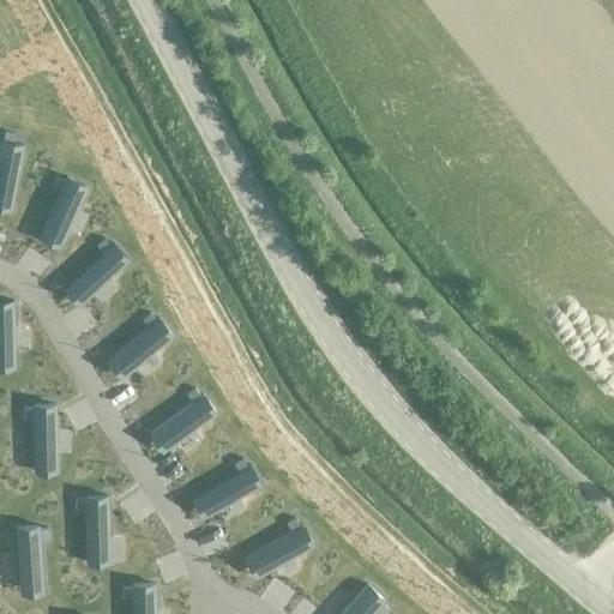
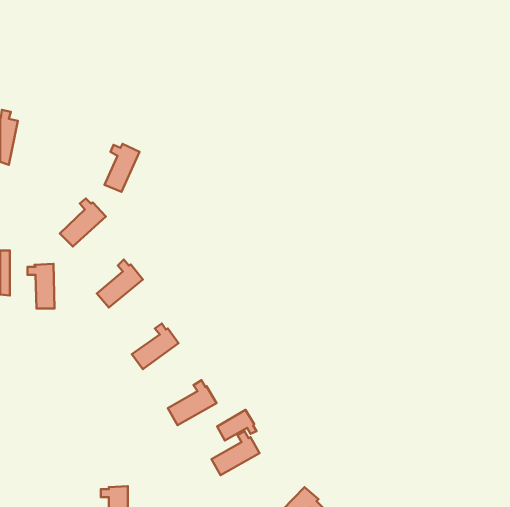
building: [43,180,85,237] -> [105,144,139,192]
building: [23,408,55,462] -> [28,264,55,309]
building: none -> [217,410,256,441]
building: [74,500,108,554] -> none
building: [14,530,48,584] -> none

